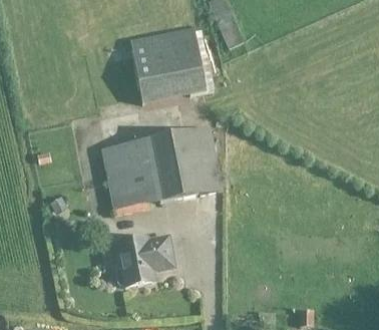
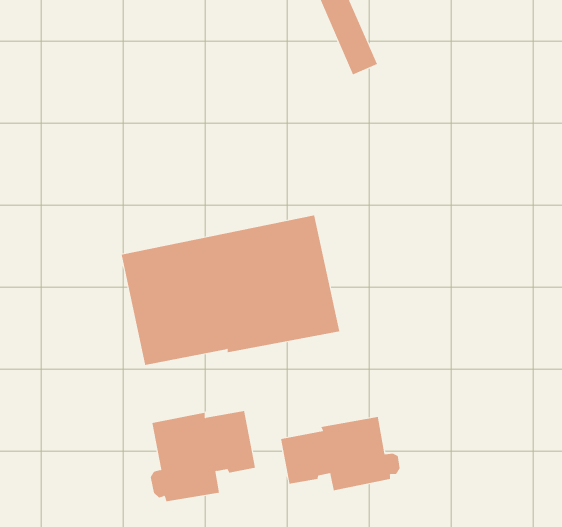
building: [129,27,208,103] -> none
building: none -> [281,416,400,491]

